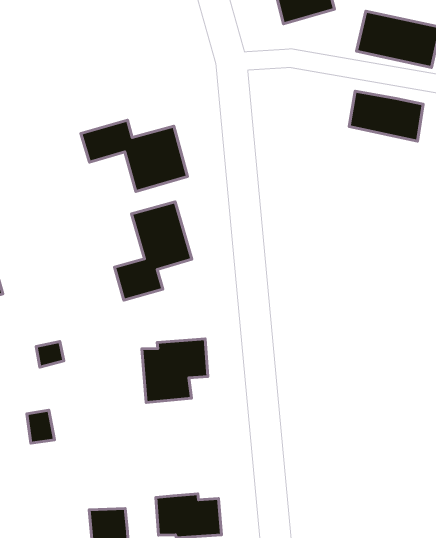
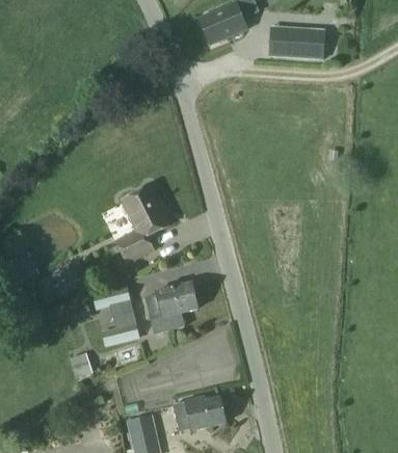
building: [349,91,423,141] -> none
building: [81,120,187,192] -> none
building: none -> [92,287,138,345]

